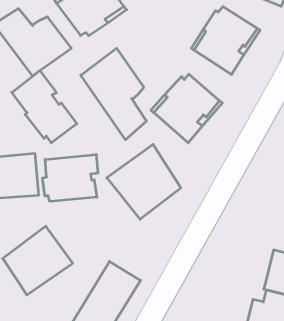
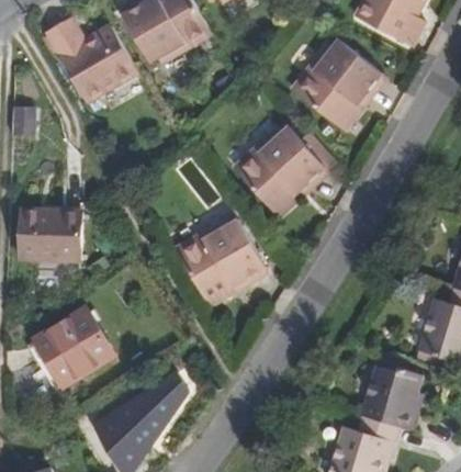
building: [81,48,146,140] -> none
building: [12,70,77,143] -> none
building: [43,154,98,201] -> none

